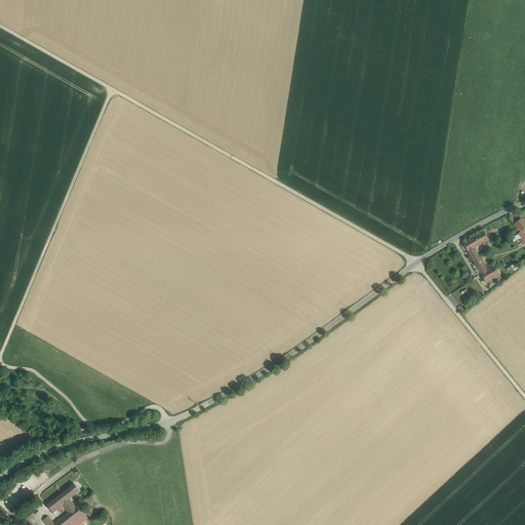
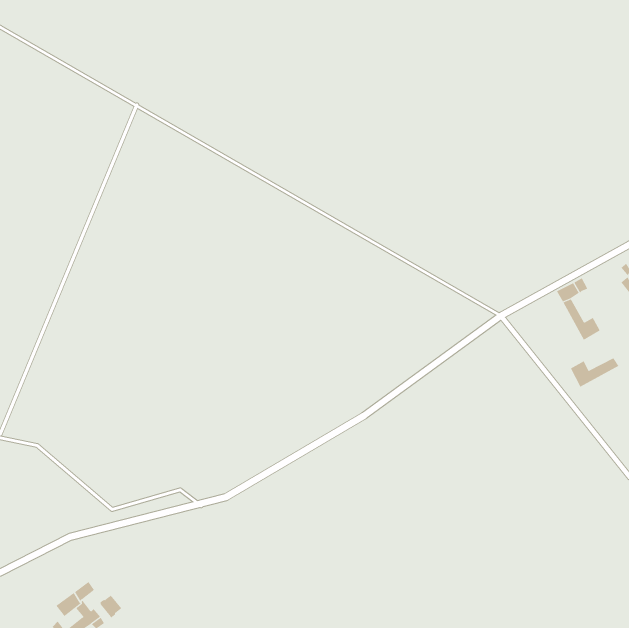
building: none -> [570,358,619,388]

